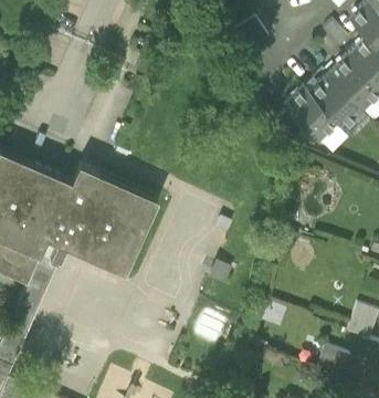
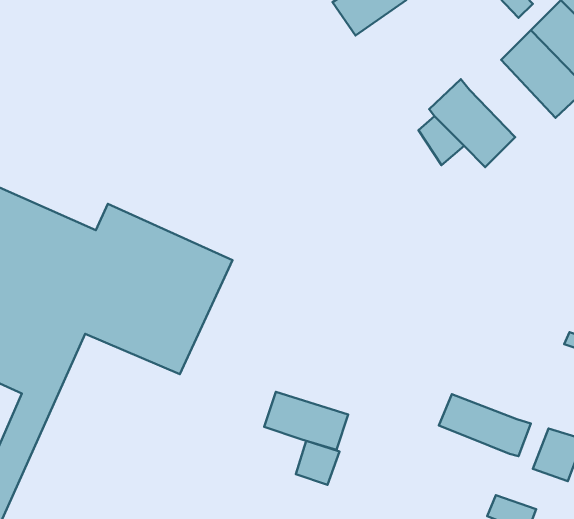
building: [309,75,364,130] -> none
building: none -> [264,392,348,450]
building: none -> [439,394,531,456]

